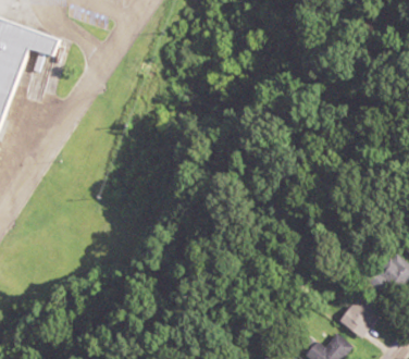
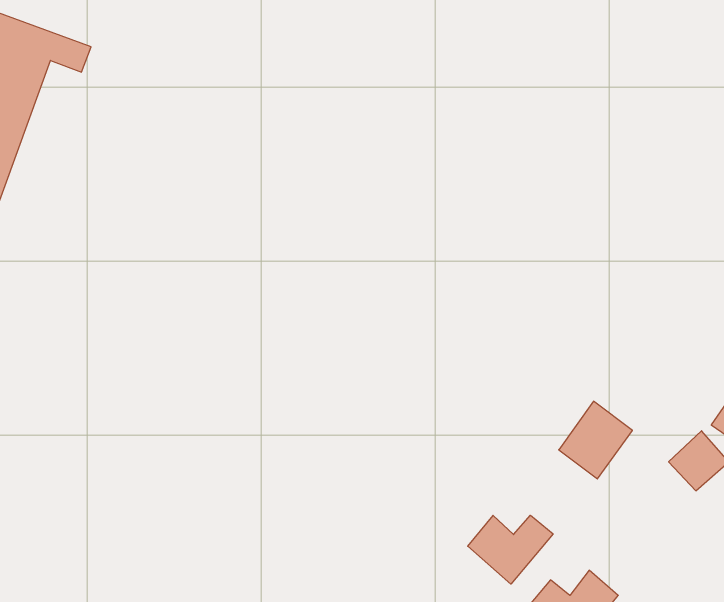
building: [336,295,377,338] -> [559,401,632,479]
building: none -> [468,515,553,584]

